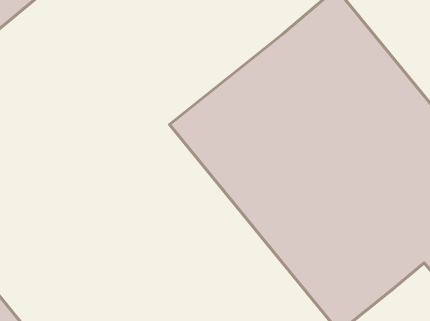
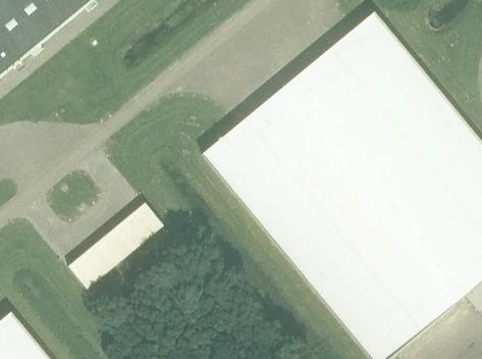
building: none -> [68,200,163,286]

